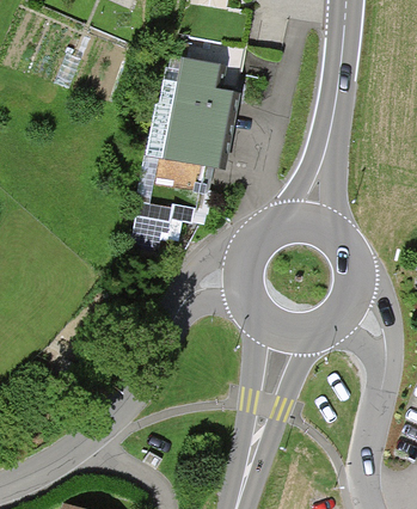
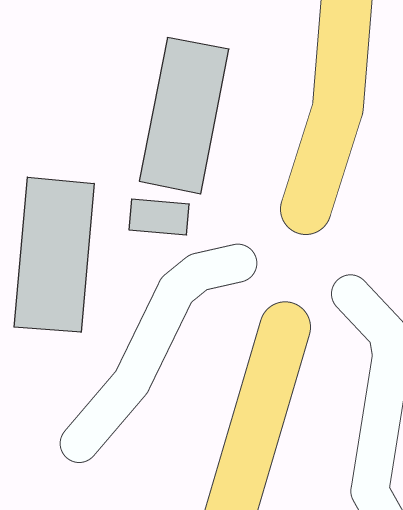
building: none -> [14,177,94,332]

